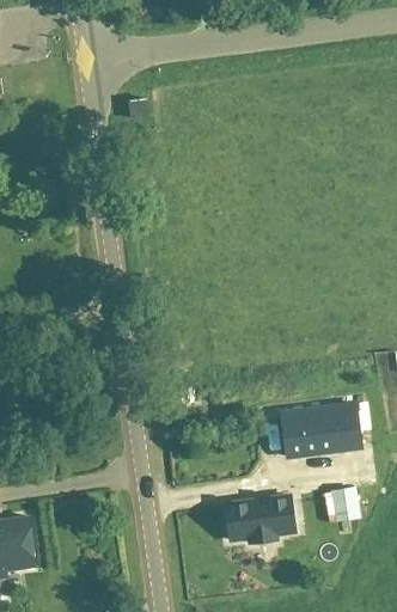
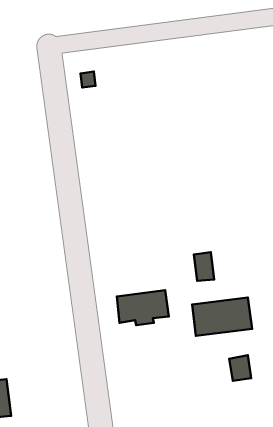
building: none -> [194,252,214,281]
building: [224,496,294,544] -> [117,290,169,325]

